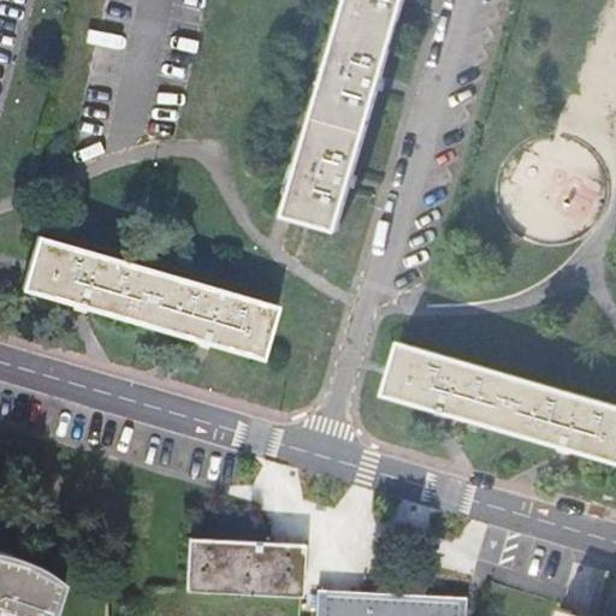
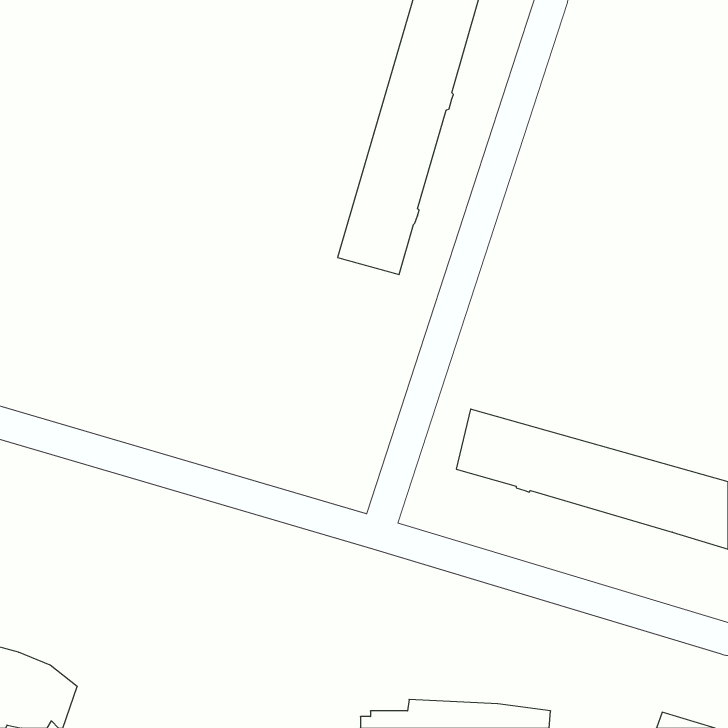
building: [22,239,273,359] -> none
building: [182,535,301,592] -> none

